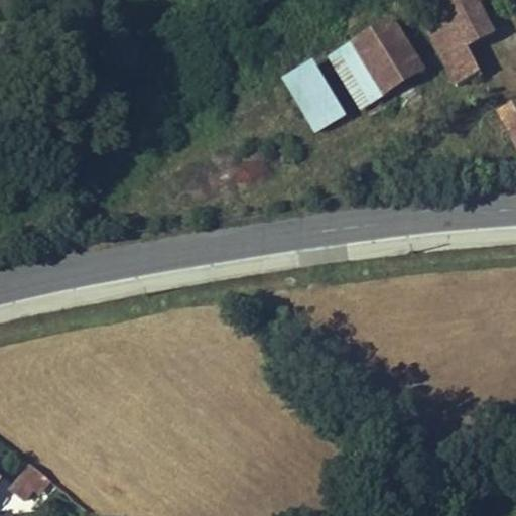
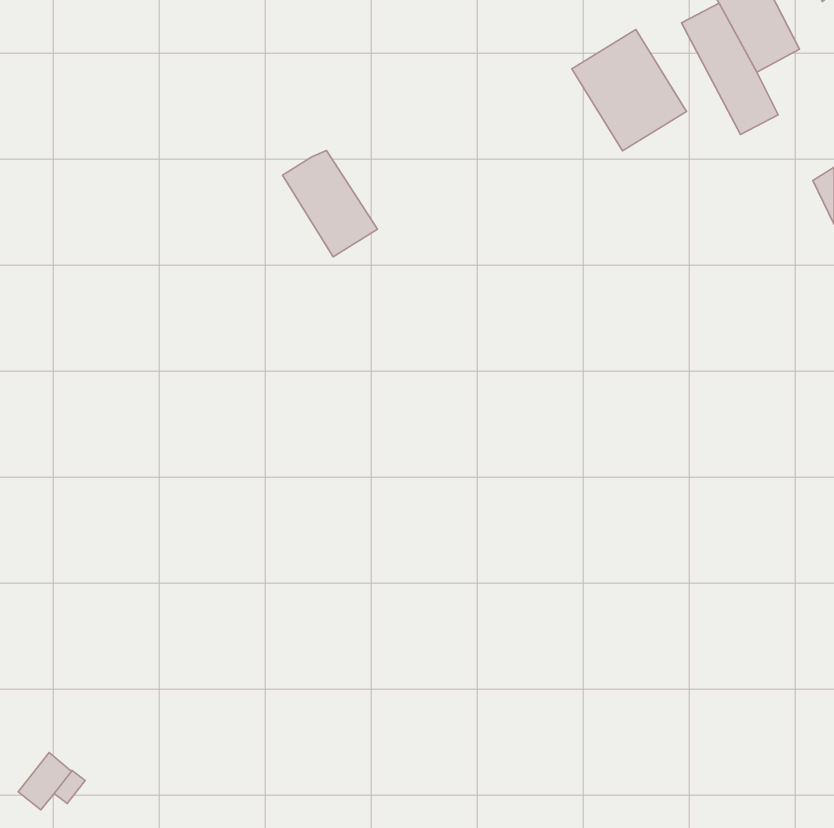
building: [331,42,383,105] -> none
building: [287,64,346,130] -> [282,150,377,257]

